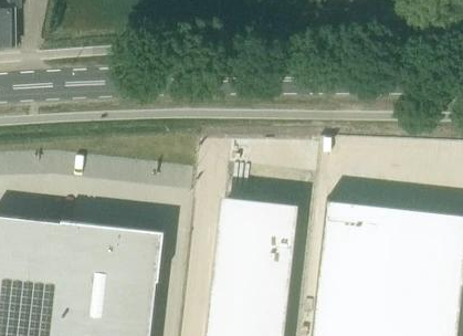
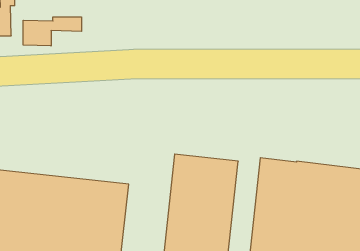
building: none -> [23,17,81,46]

